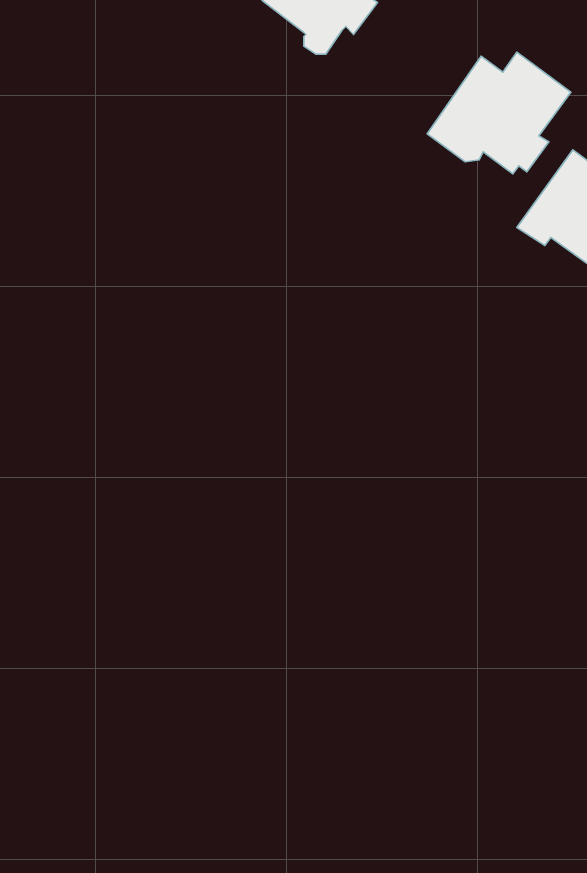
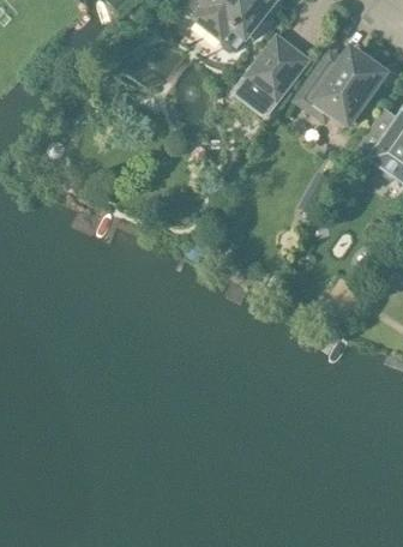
building: none -> [236,36,307,114]

